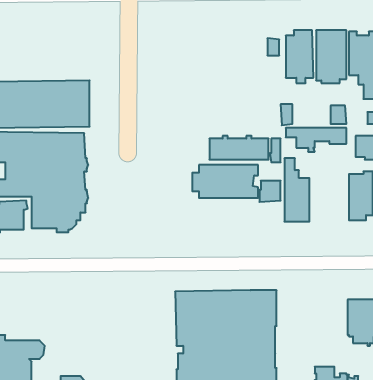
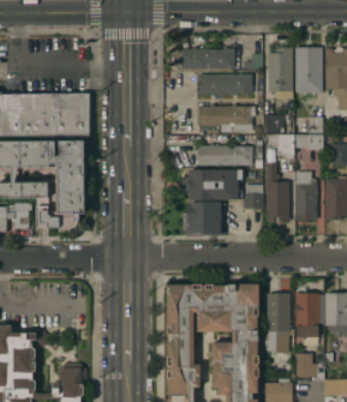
building: none -> [180,47,233,67]
building: none -> [197,73,251,95]
building: none -> [197,103,251,125]
building: none -> [293,178,316,220]
building: none -> [181,200,223,235]
building: none -> [265,292,288,335]
building: none -> [294,292,323,344]

